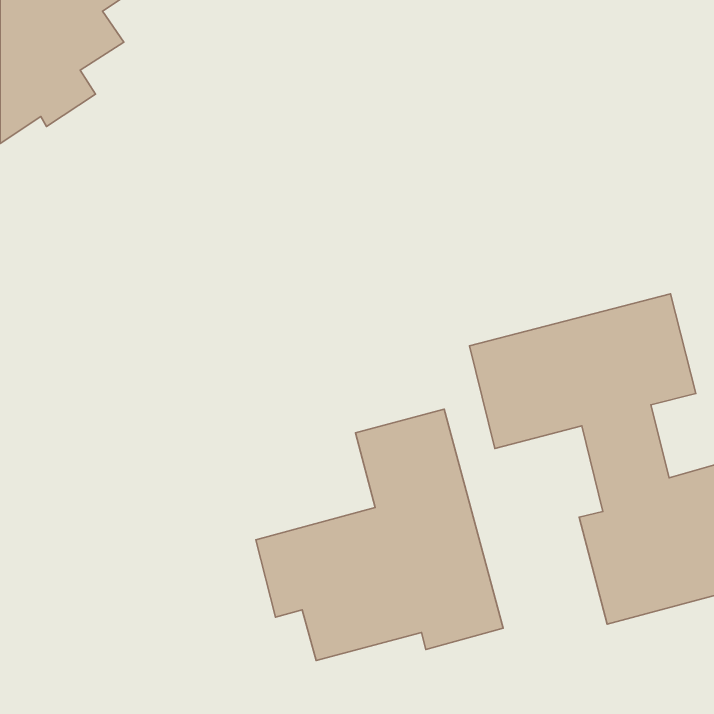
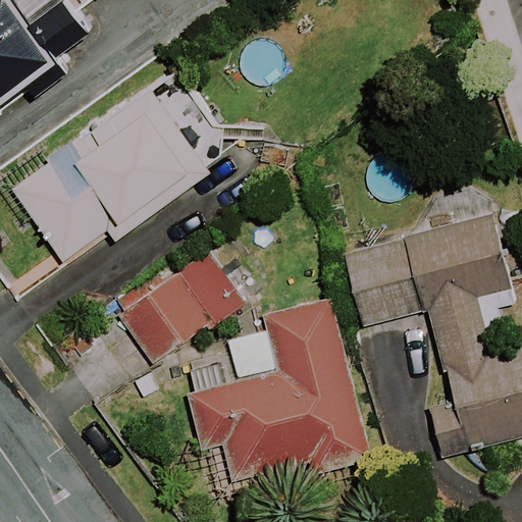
building: none -> [11,74,215,264]
building: none -> [117,256,237,361]

